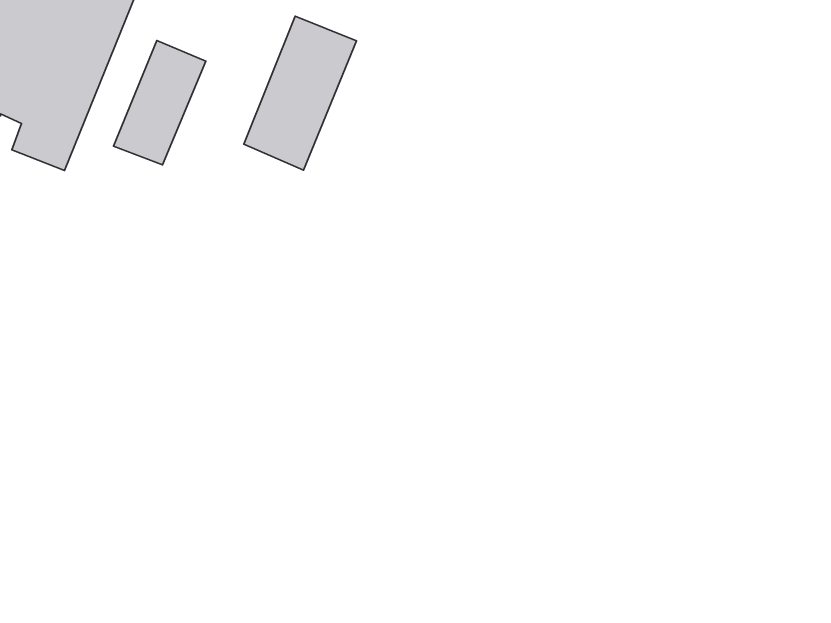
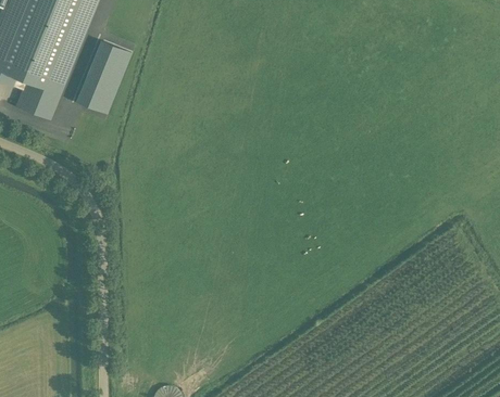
building: [244,16,357,170] -> none

